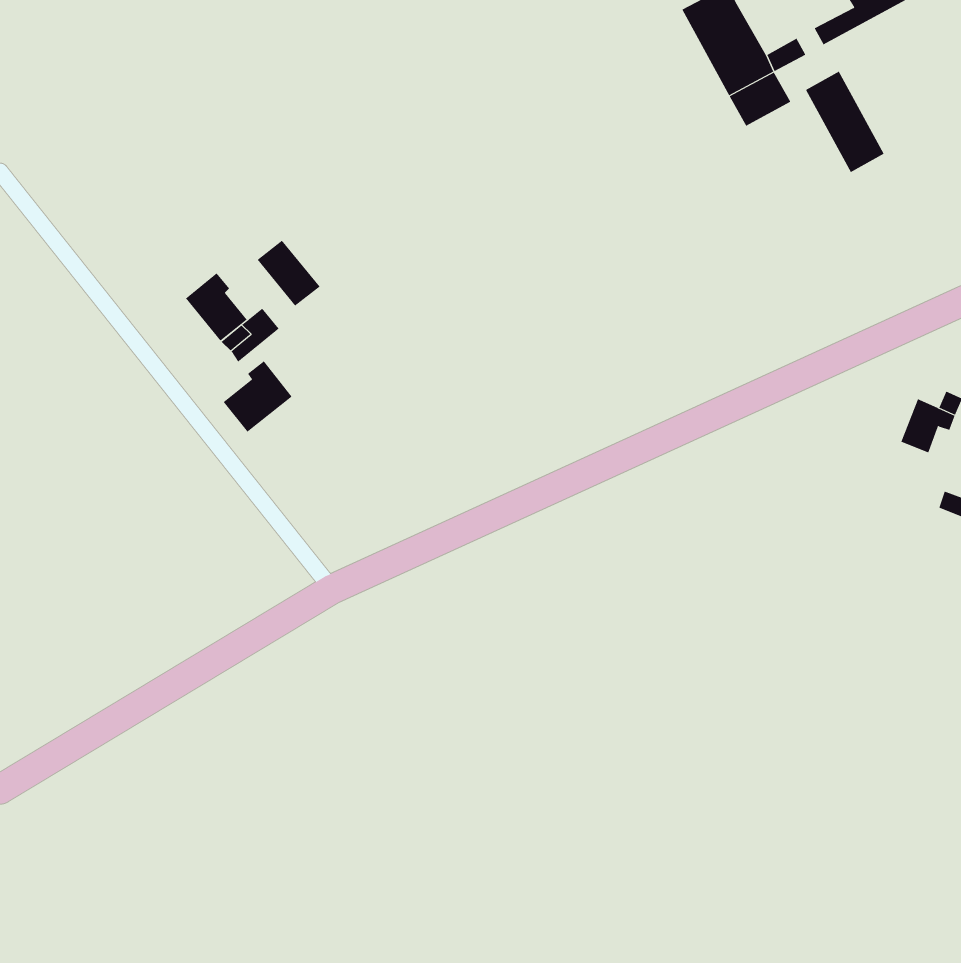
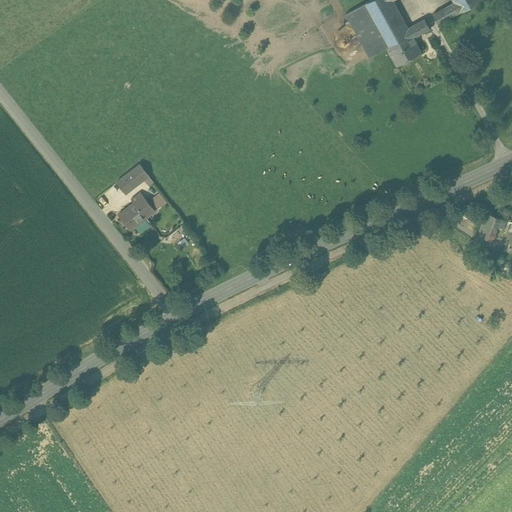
building: [805,71,884,173] -> [345,5,387,59]
building: [257,240,320,307] -> none
building: [185,273,248,341] -> none

